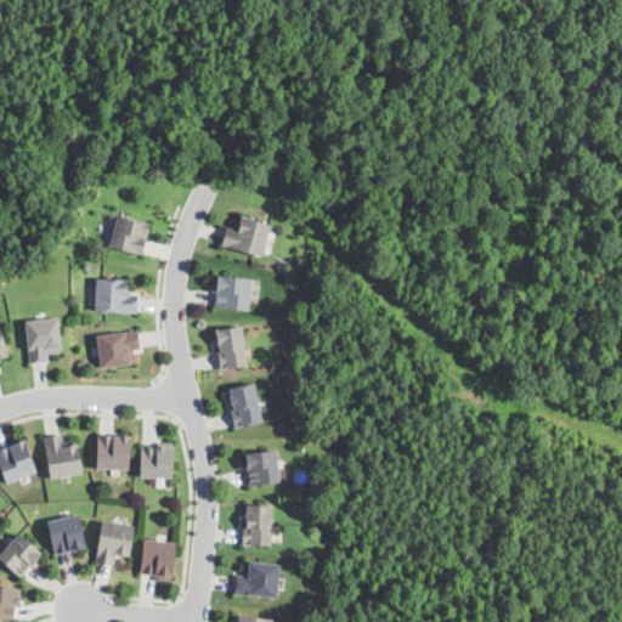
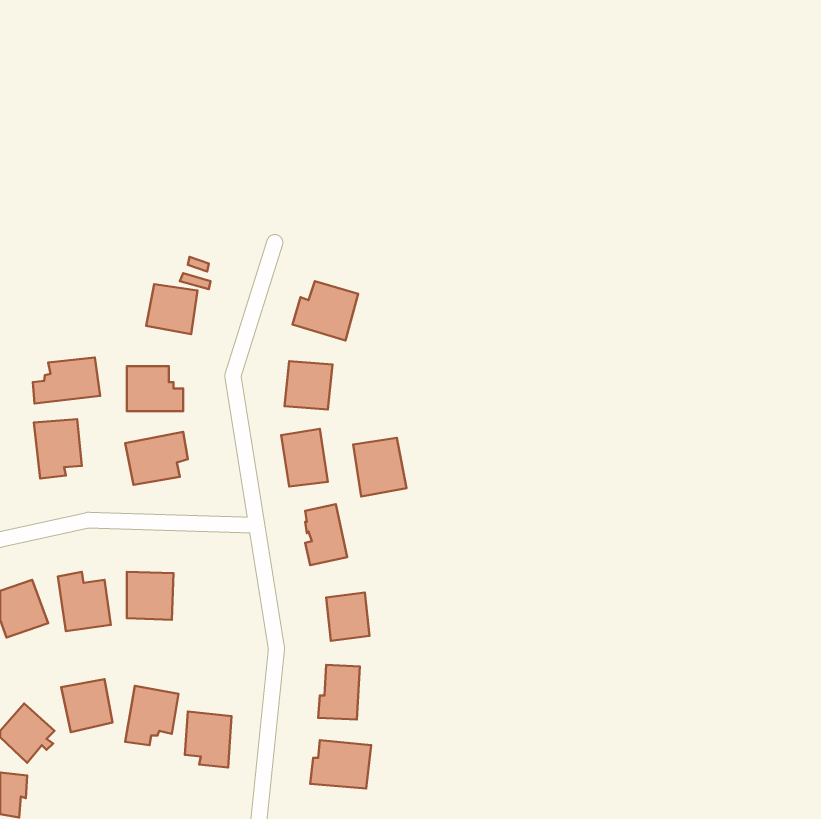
building: none -> [33,358,100,403]
building: none -> [353,438,406,497]
building: [138,446,173,479] -> none

